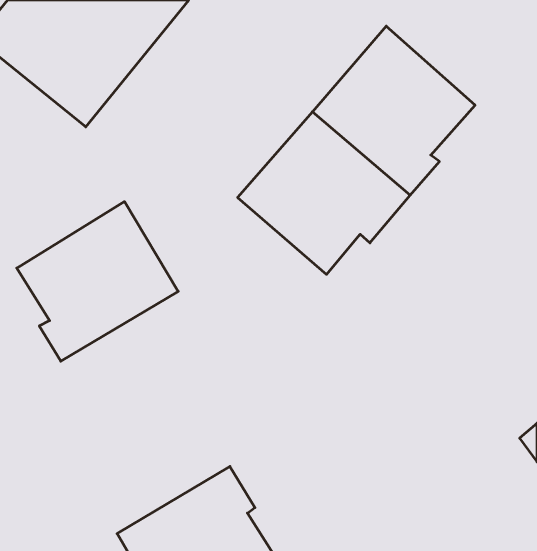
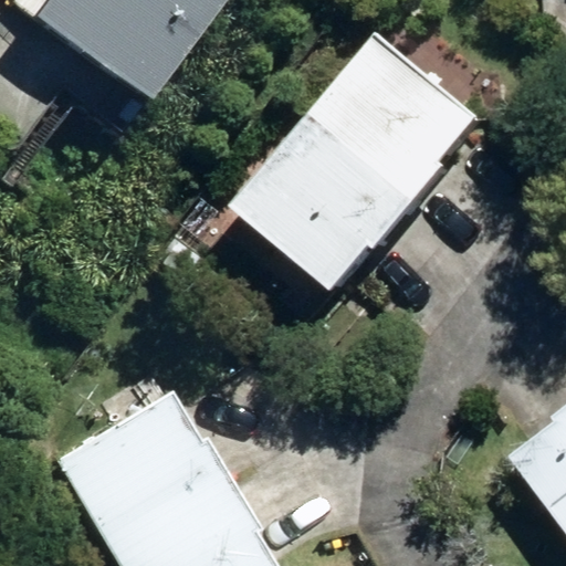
building: [17,202,178,361] -> none
building: none -> [62,386,234,547]

